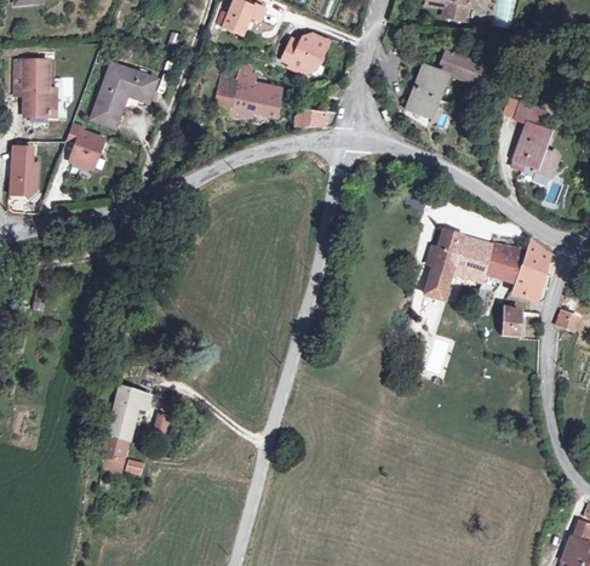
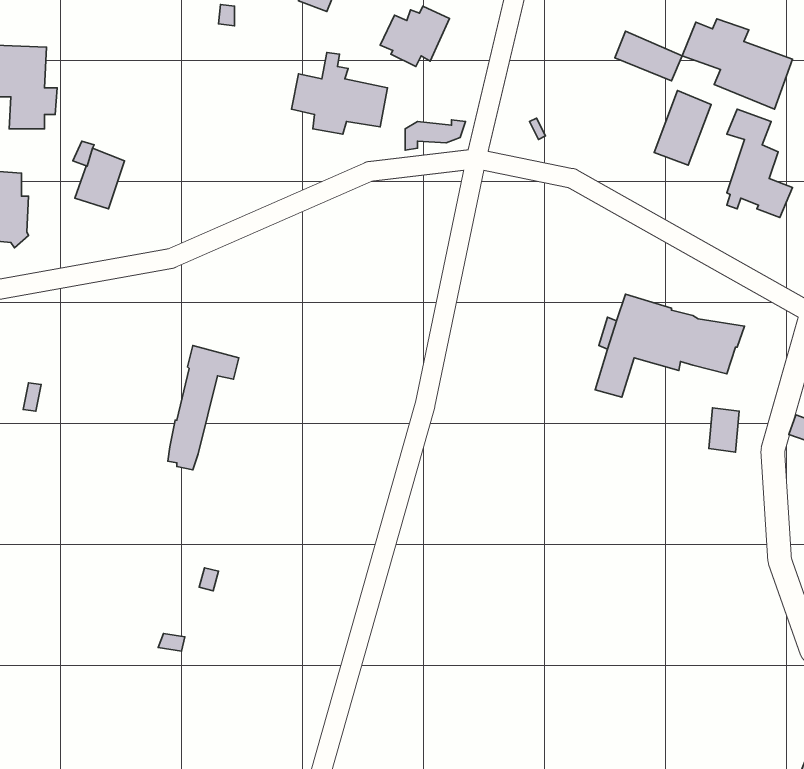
building: none -> [682,19,792,109]
building: [91,63,156,126] -> none
building: [407,64,446,115] -> [654,90,711,165]
building: [514,238,550,299] -> none
building: [103,384,151,469] -> [168,346,239,470]

